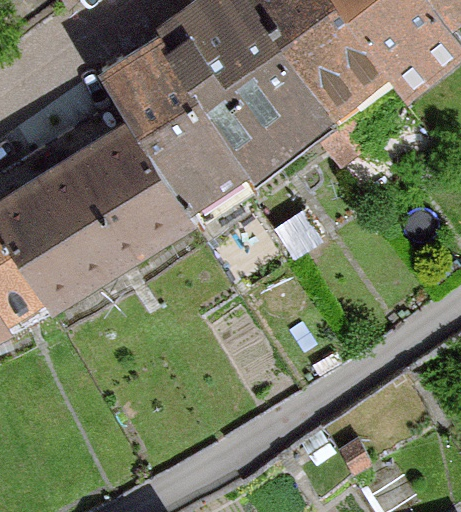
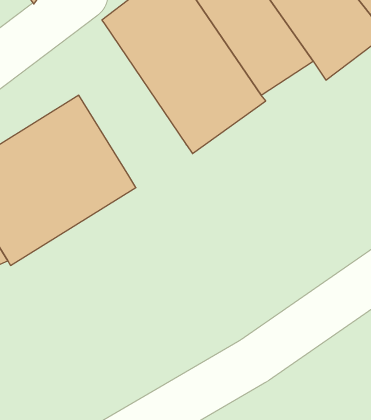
building: [96,39,242,209] -> none

